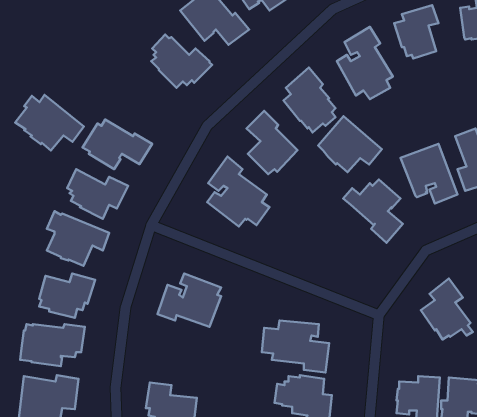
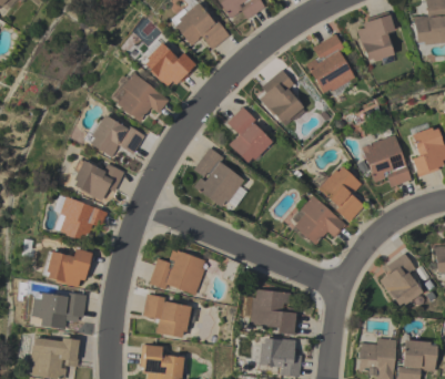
building: [15,95,84,151] -> [109,72,169,121]
building: [318,116,382,172] -> [291,195,346,244]
building: none -> [143,294,198,338]

